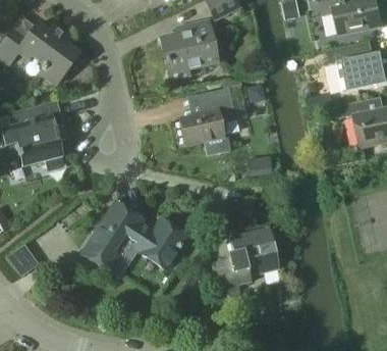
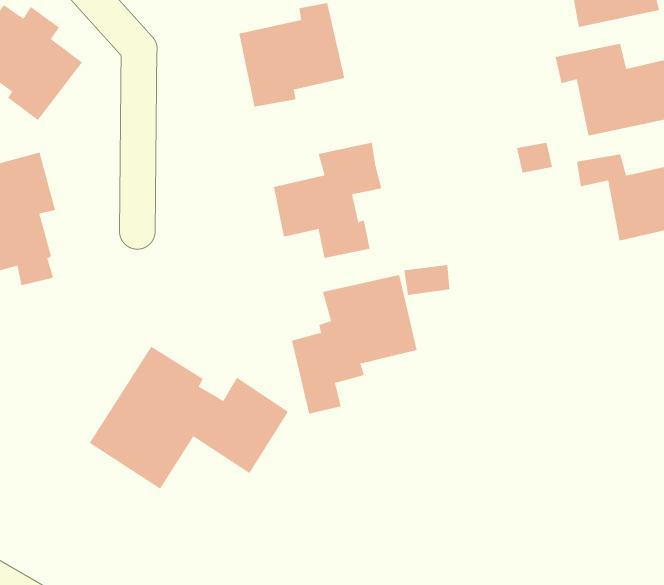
building: [213,227,279,300] -> [291,274,417,414]

